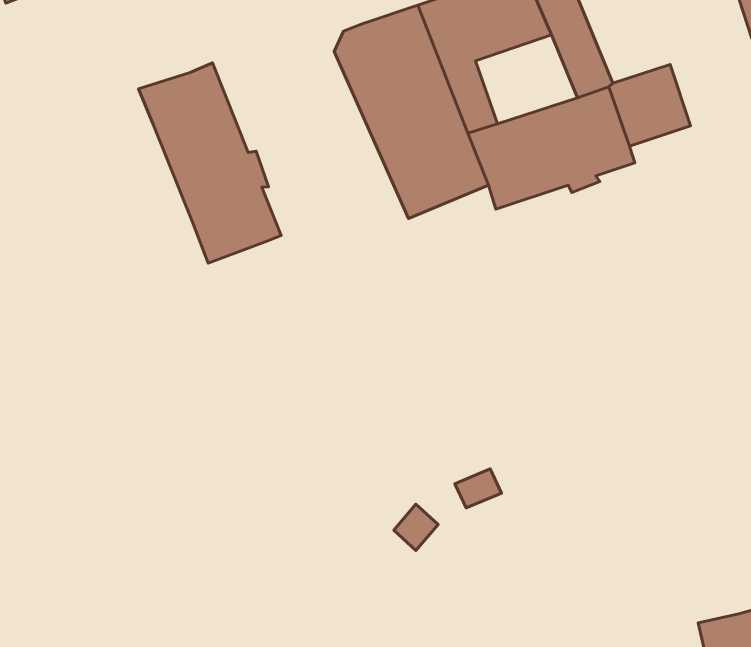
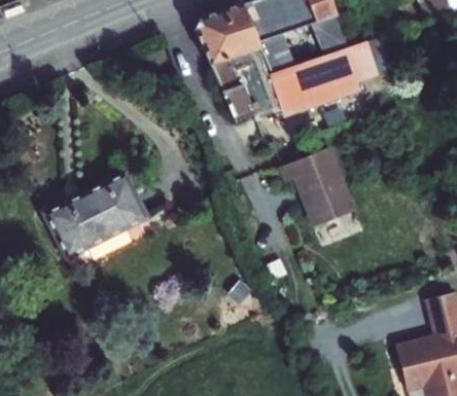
building: [139,63,281,263] -> none
building: none -> [281,148,354,226]
building: none -> [43,173,146,257]

